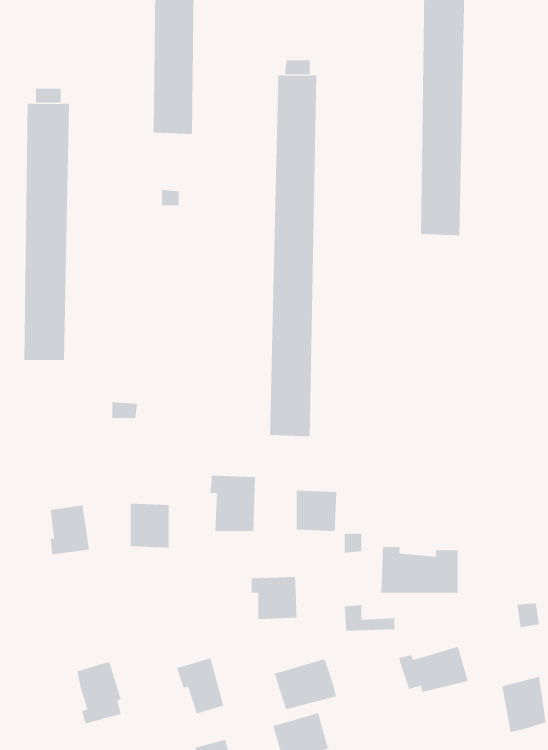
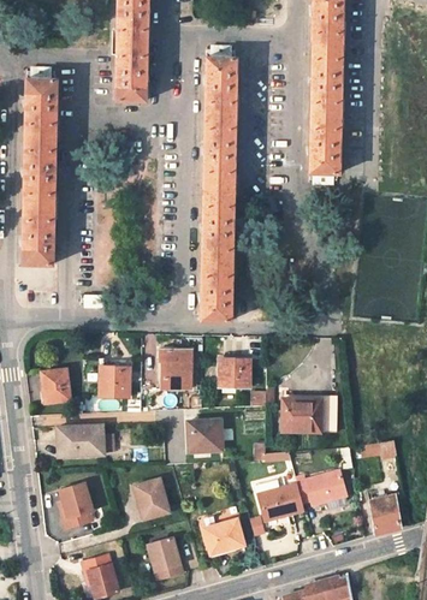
building: none -> [55,426,113,458]
building: [274,658,337,710] -> [259,485,304,522]

